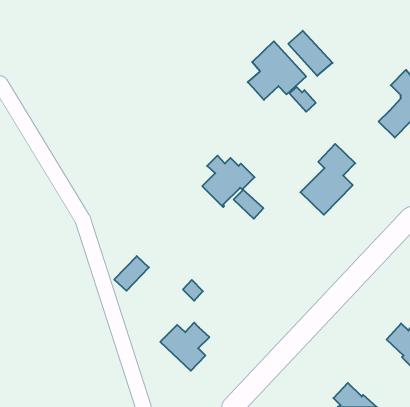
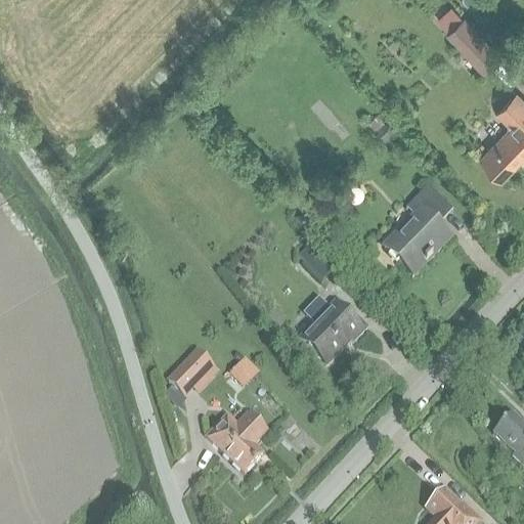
building: [288,31,333,76] -> [448,14,505,72]
building: [248,41,306,100] -> none
building: [202,156,255,207] -> [300,298,366,363]
building: [114,256,149,291] -> [169,350,213,394]

